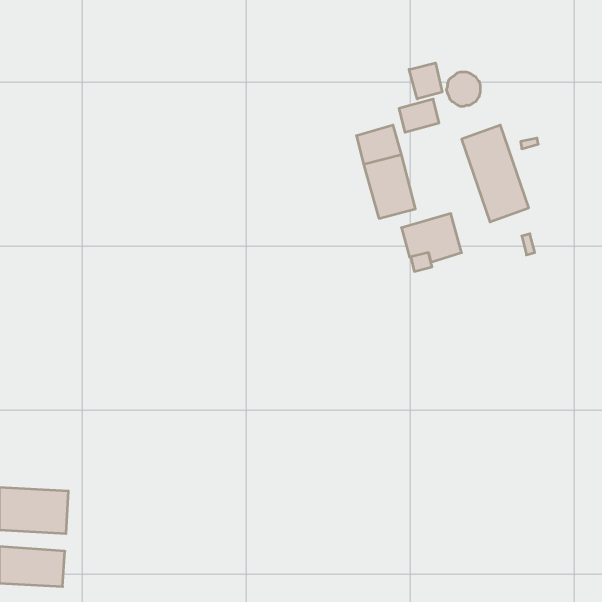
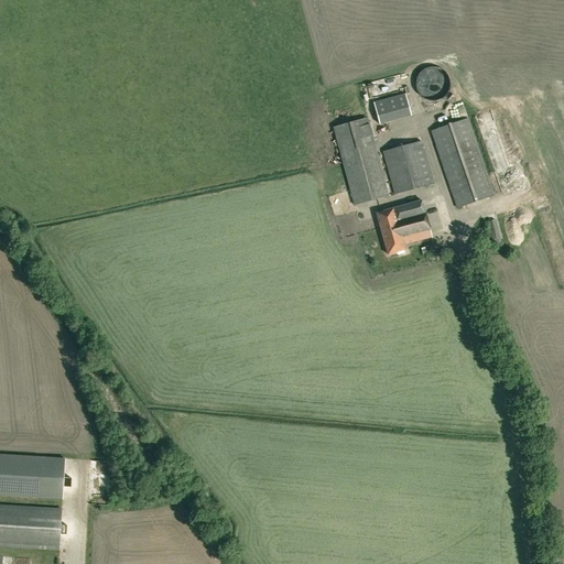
building: [409,63,442,99] -> none
building: none -> [382,140,433,193]

